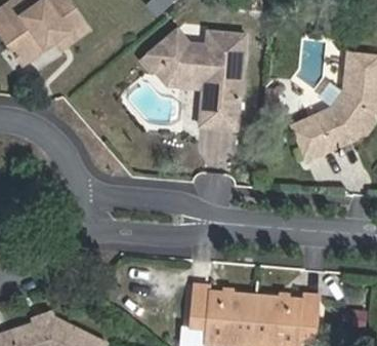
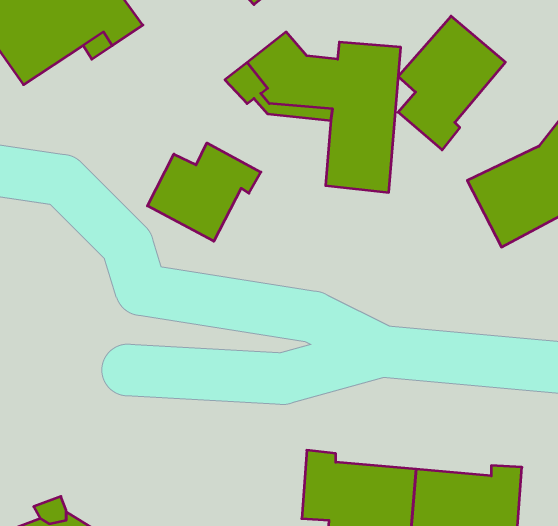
building: none -> [398,16,505,150]
building: none -> [147,143,261,241]

